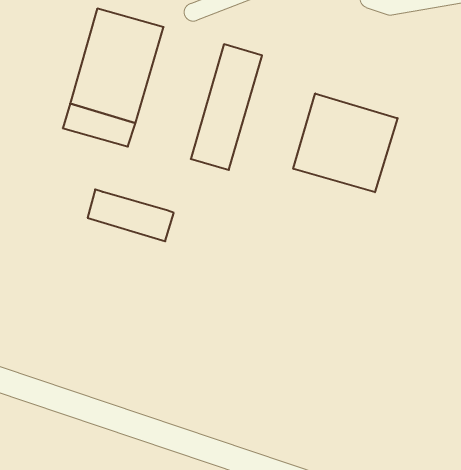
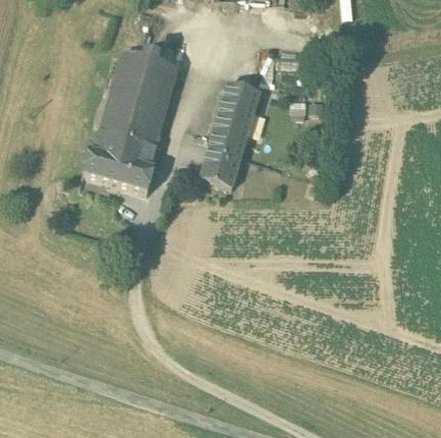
building: [293,93,398,192] -> none
building: [88,189,174,241] -> [82,145,154,187]

